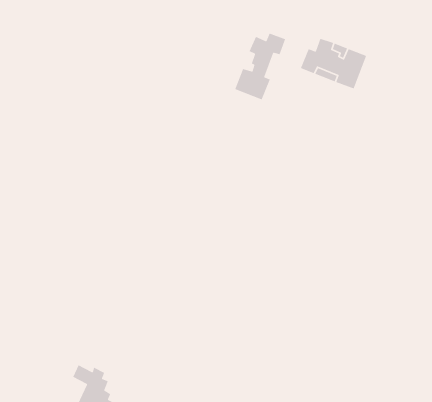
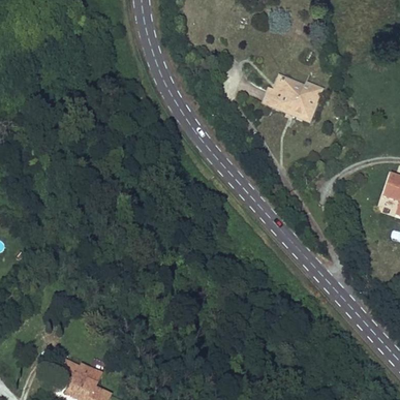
building: [234,33,286,101] -> none

